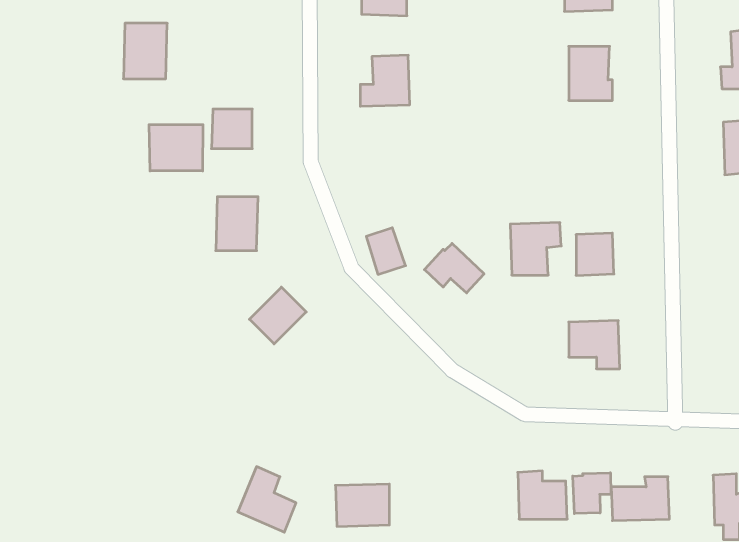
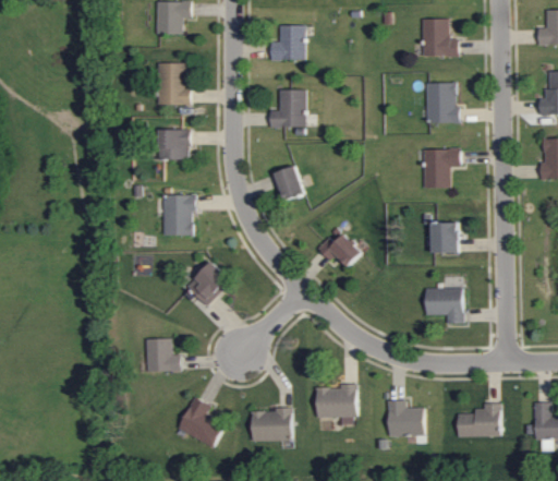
building: [123,23,167,79] -> [156,63,189,105]
building: [149,125,203,171] -> none
building: [510,223,561,275] -> [422,148,460,188]
building: [366,228,406,274] -> [275,166,304,201]
building: none -> [145,339,180,373]
building: none -> [316,384,356,424]
building: [573,473,611,514] -> none

